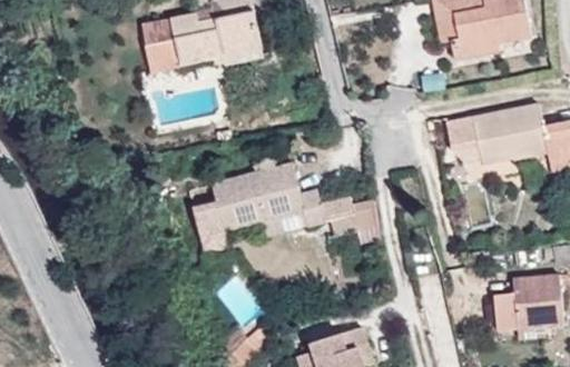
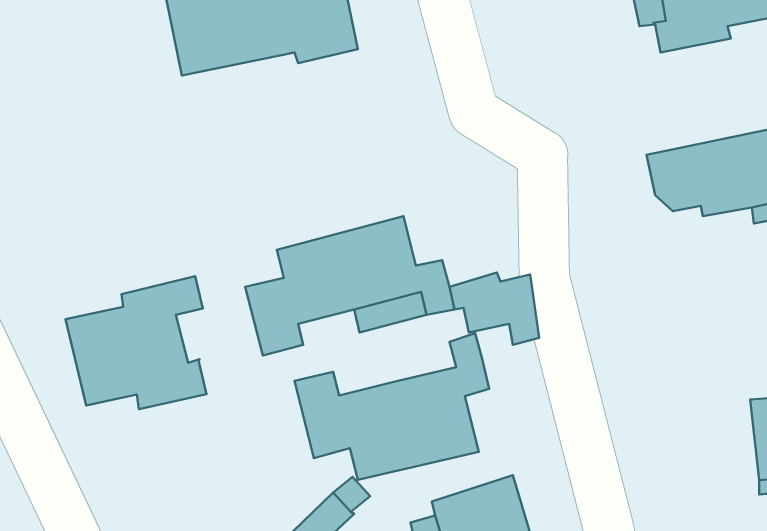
building: none -> [66,276,206,409]
building: none -> [294,333,489,480]

